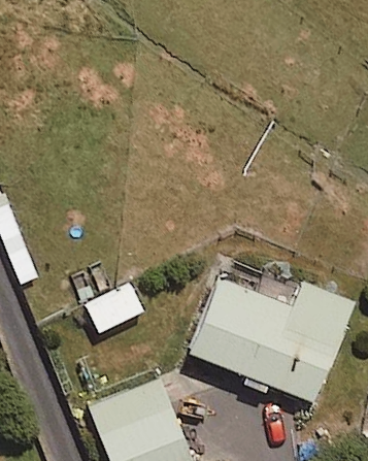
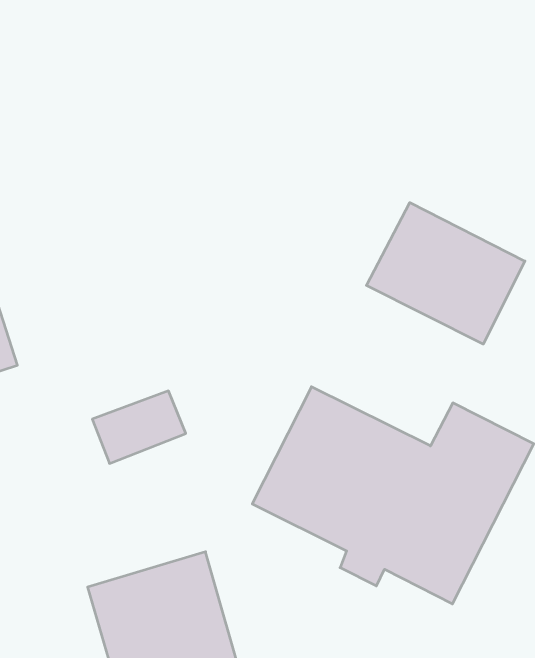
building: none -> [366,203,525,344]

